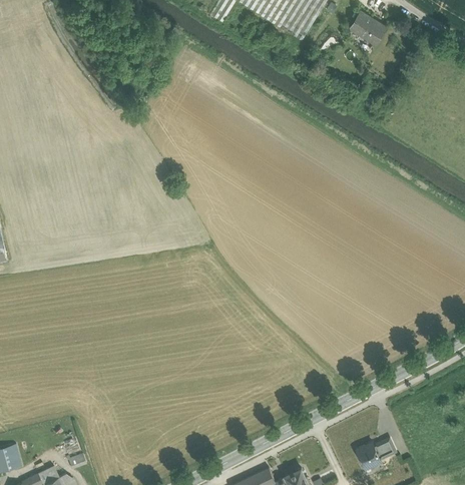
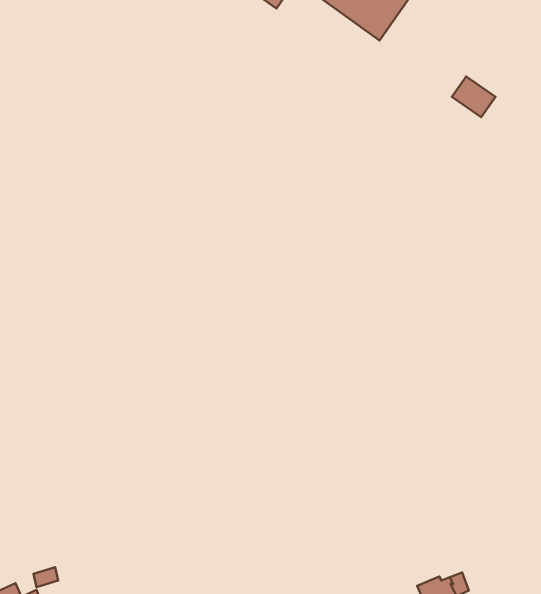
building: [349,12,382,42] -> [452,76,496,117]

